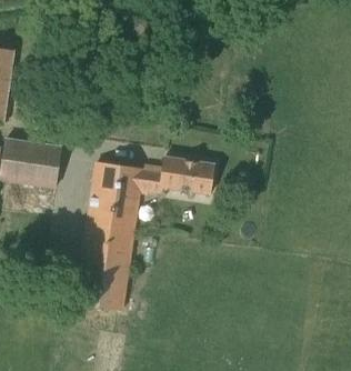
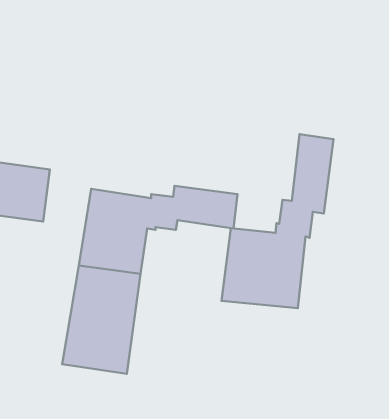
building: none -> [221,134,333,308]

